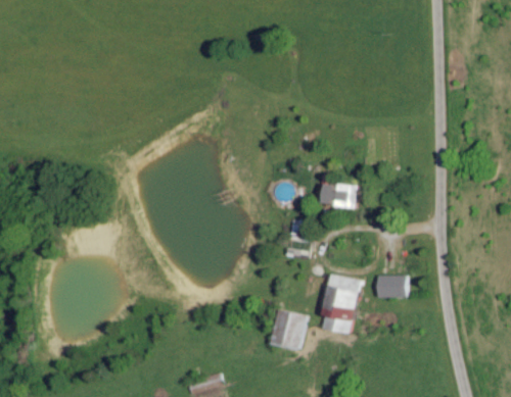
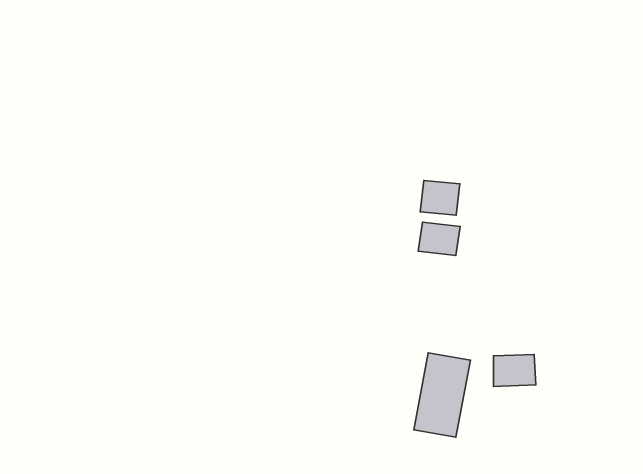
building: none -> [420,180,460,215]
building: [271,308,307,349] -> none

